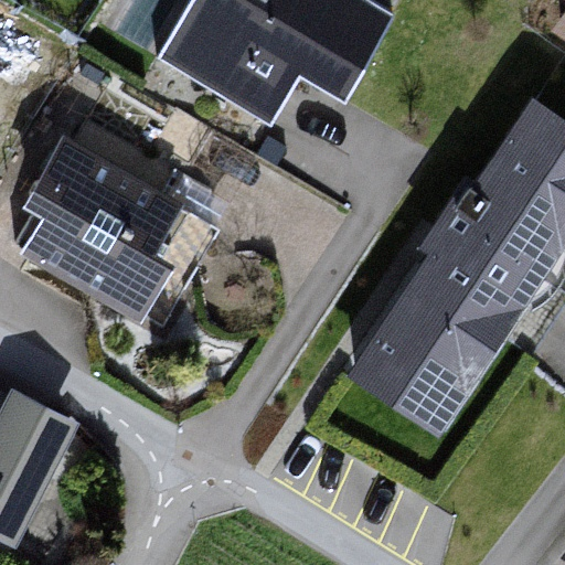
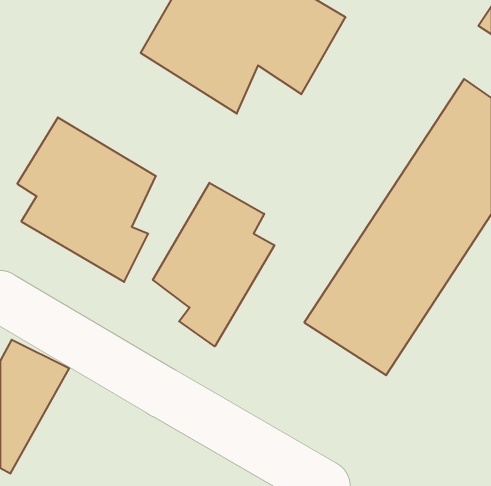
building: none -> [153,183,274,346]

